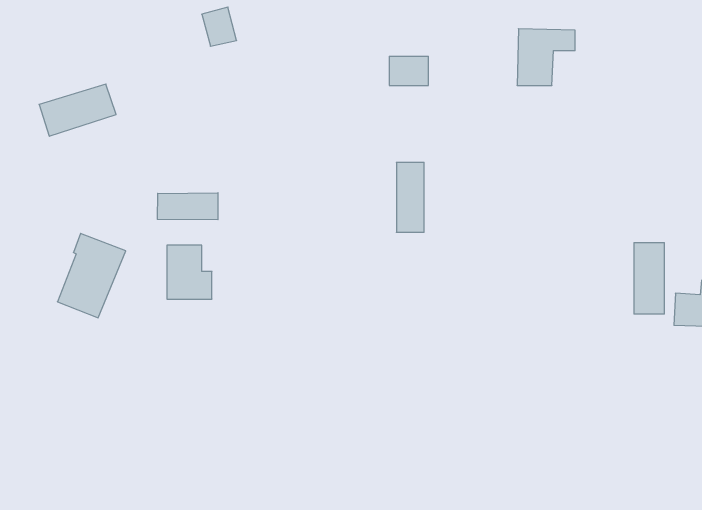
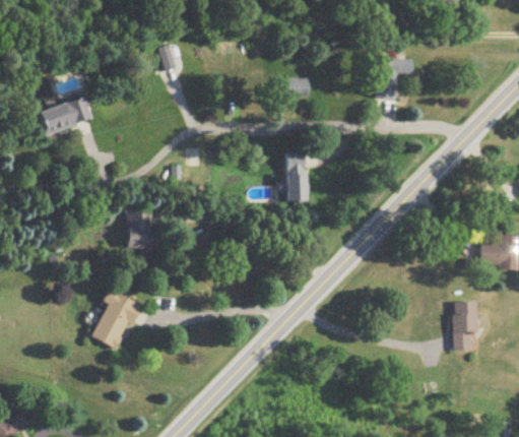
building: [157,193,218,220] -> none
building: [57,233,126,318] -> [92,291,140,350]
building: [634,243,664,314] -> [454,301,475,351]

